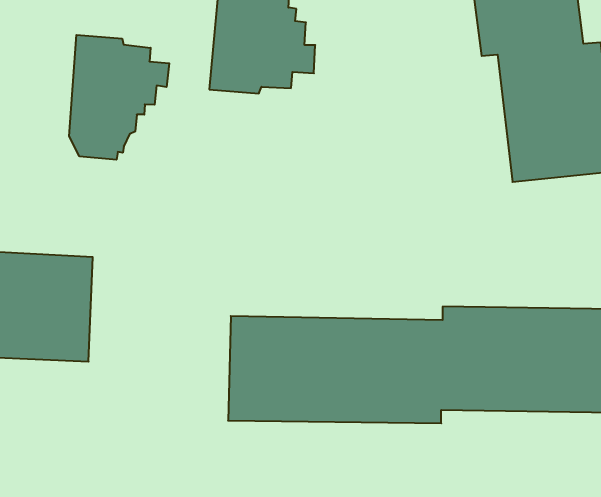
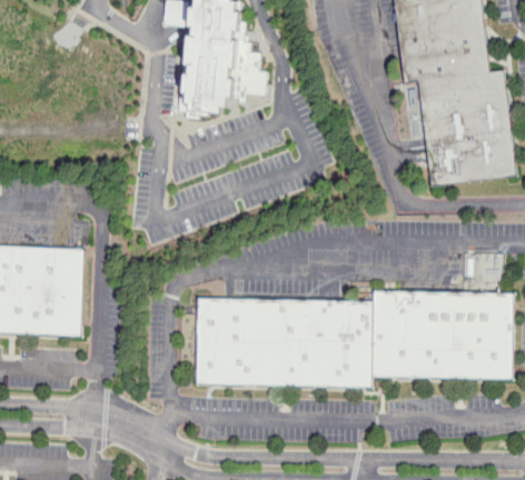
building: [69,35,169,160] -> none

